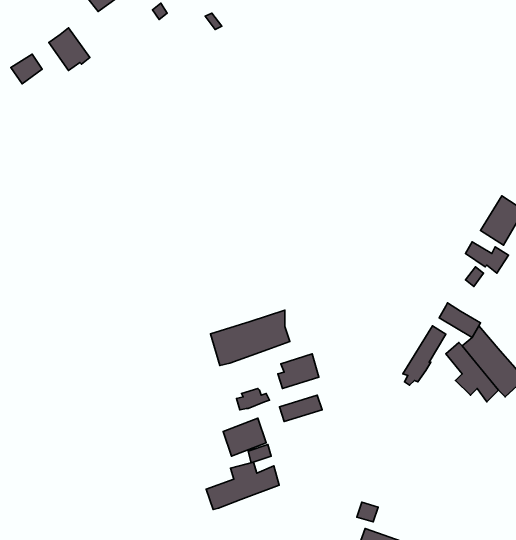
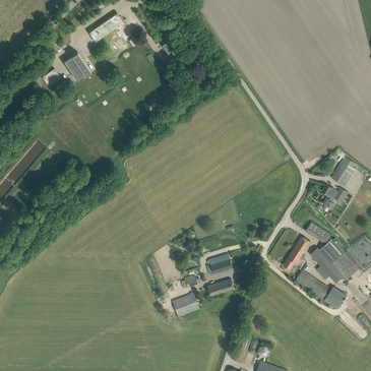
building: [210,310,290,366] -> none
building: none -> [296,269,347,307]
building: [206,462,279,510] -> none

